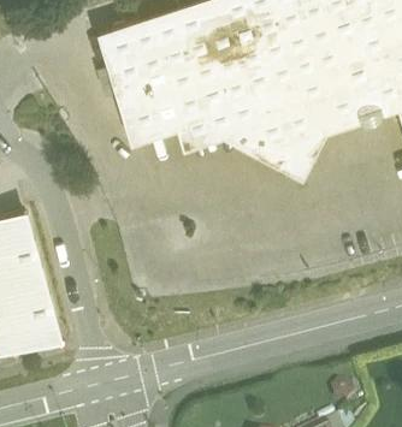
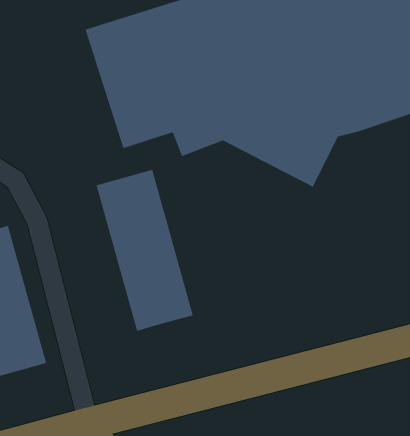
building: none -> [96,169,194,332]

